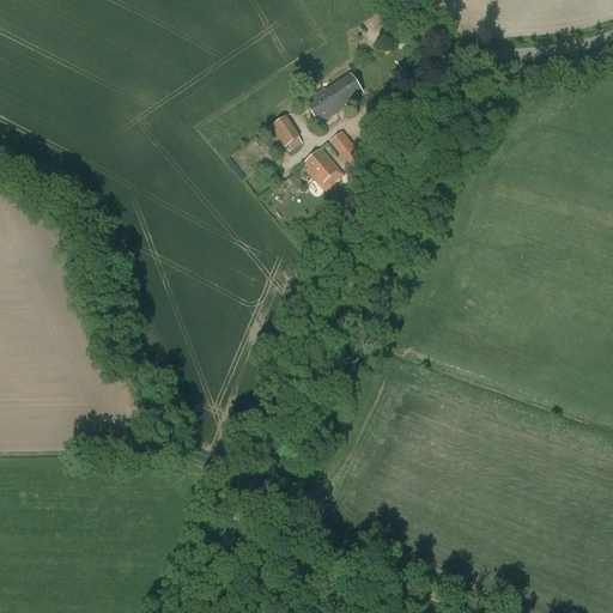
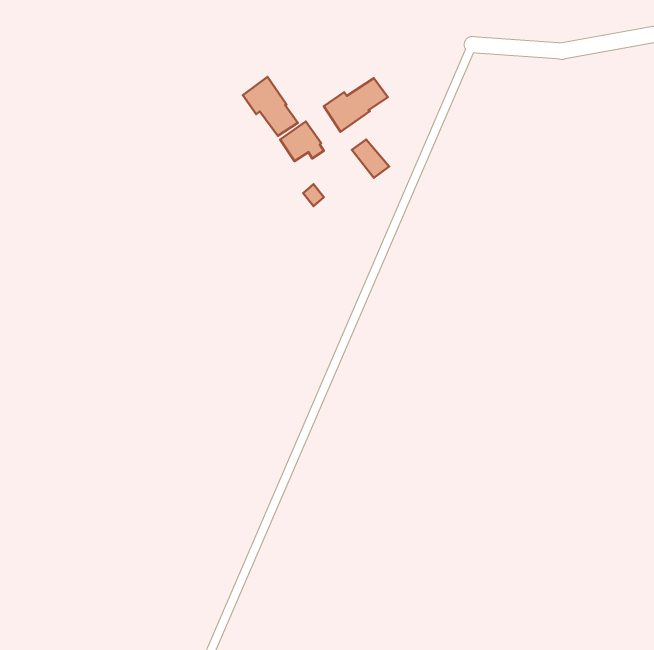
building: none -> [243,77,298,136]
building: [301,146,345,190] -> none

